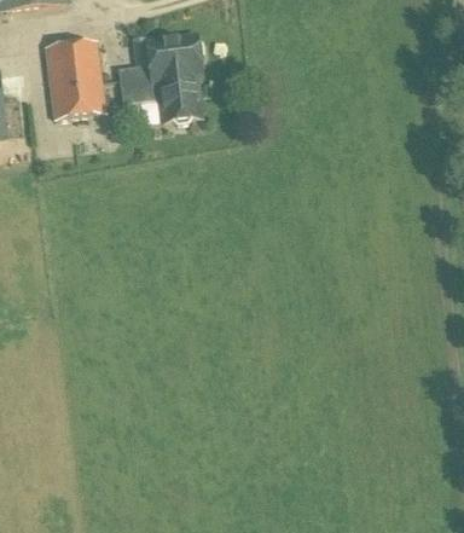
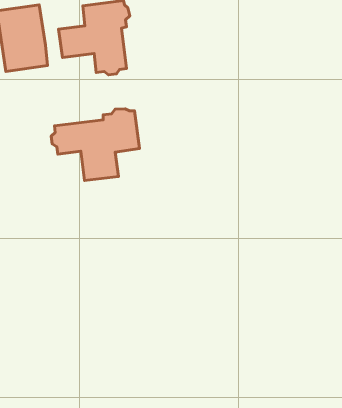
building: none -> [51,109,139,180]

